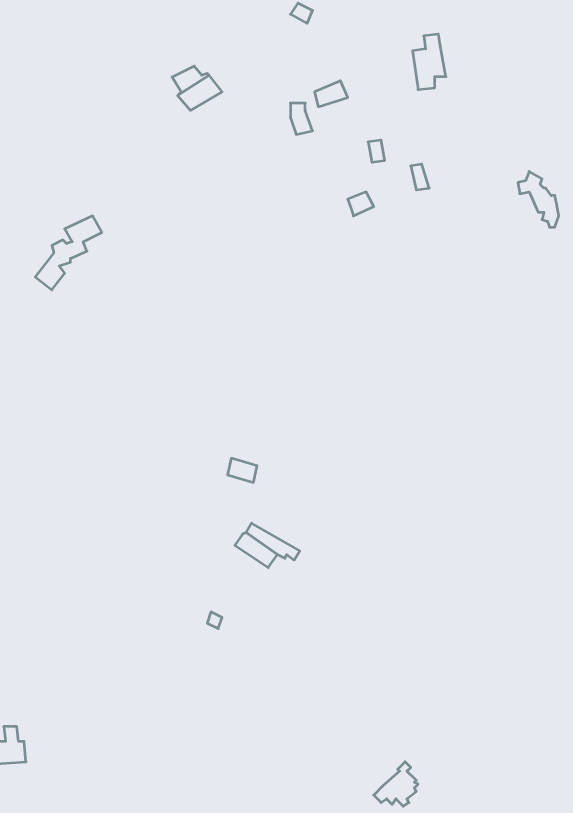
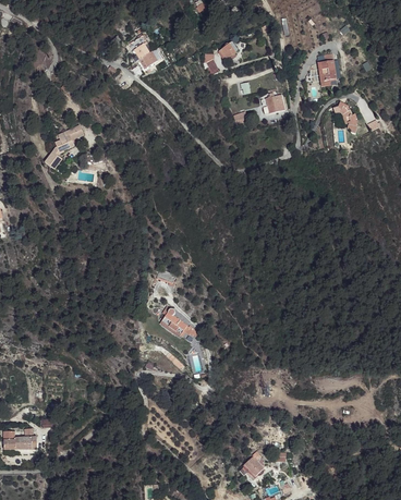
building: [413,34,446,90] -> [314,54,333,87]

